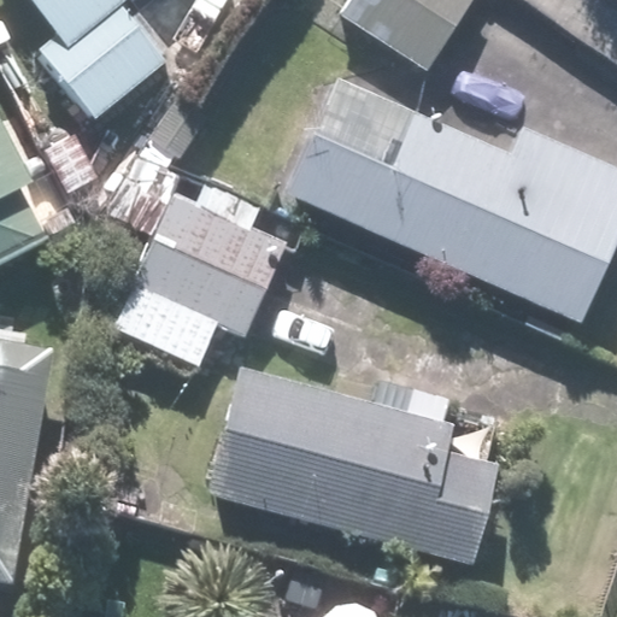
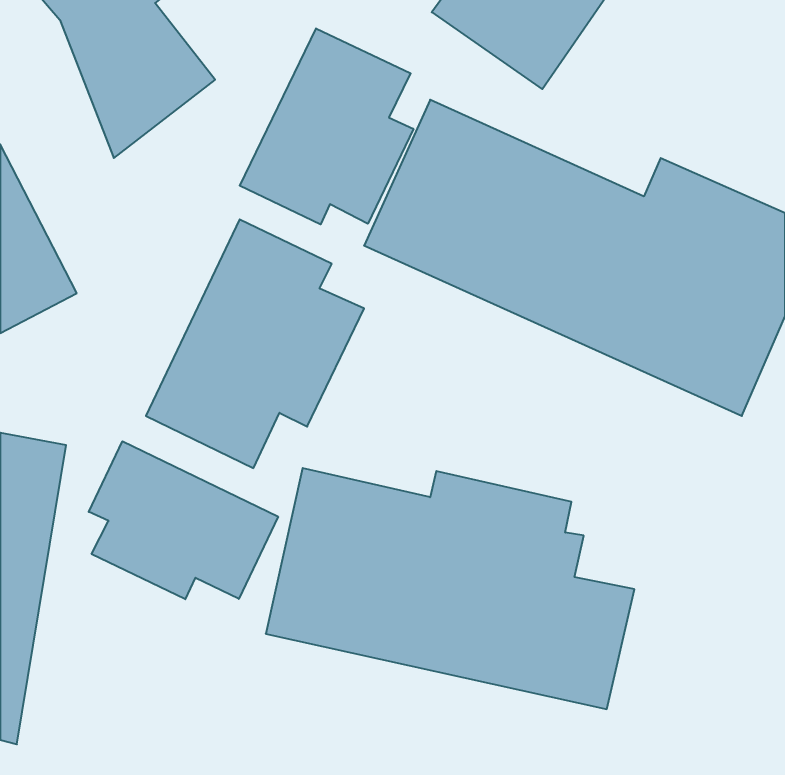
building: none -> [240,28,413,224]
building: none -> [89,441,278,599]

